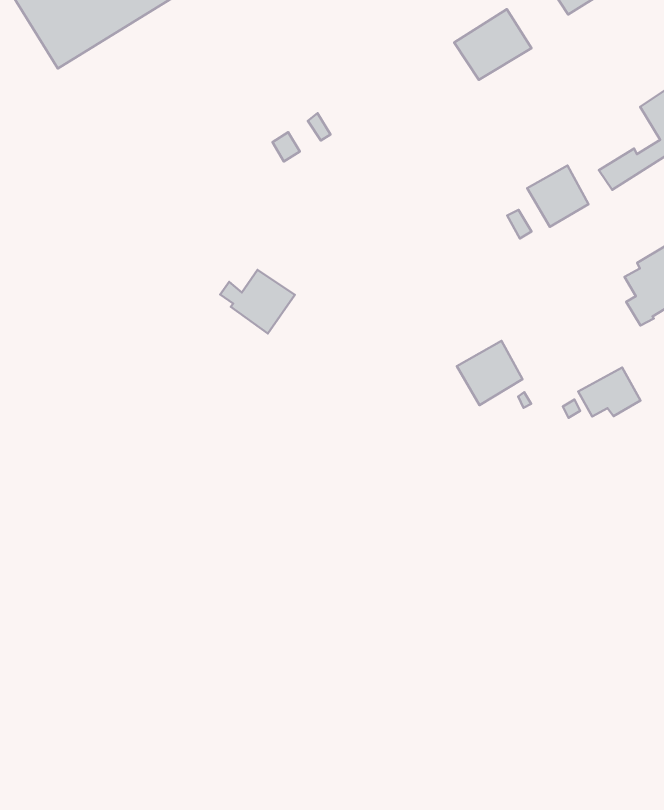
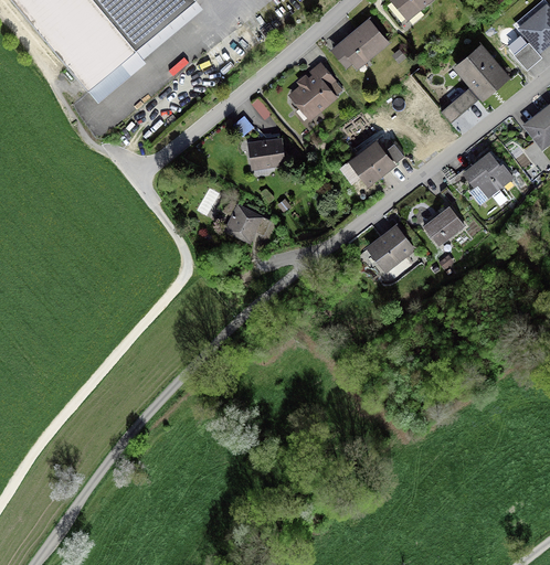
building: none -> [292,64,332,116]
building: [527,165,589,227] -> [351,142,391,182]
building: none -> [247,138,284,168]
building: [578,368,641,416] -> [423,206,463,239]

